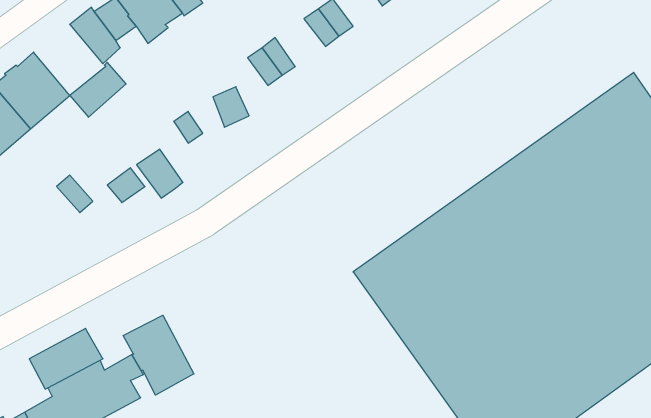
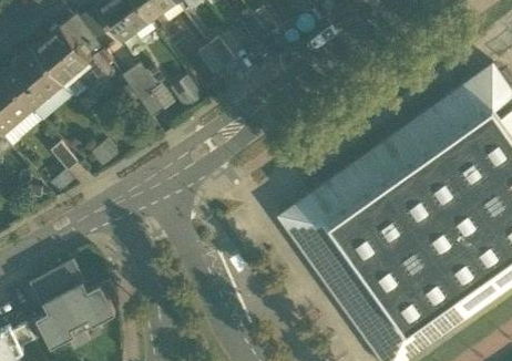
building: none -> [34,27,90,82]
building: [137,149,183,198] -> [123,64,158,102]
building: [123,315,194,395] -> none

